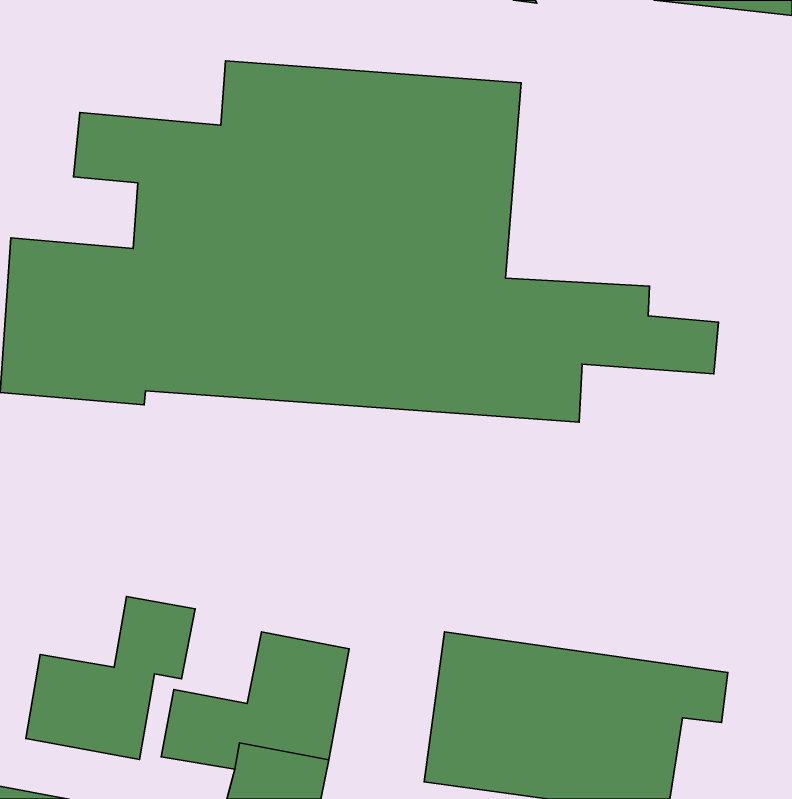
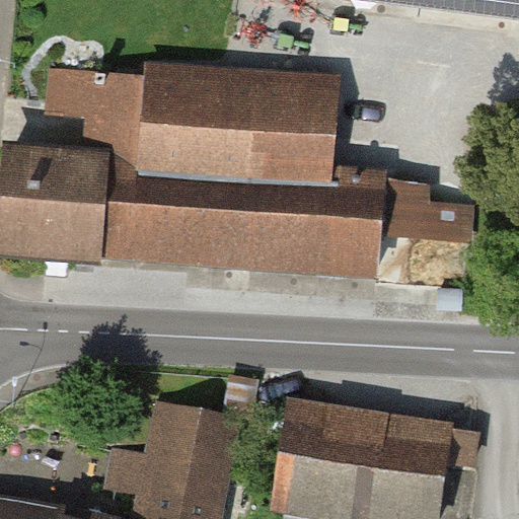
building: [26,596,195,759] -> none

